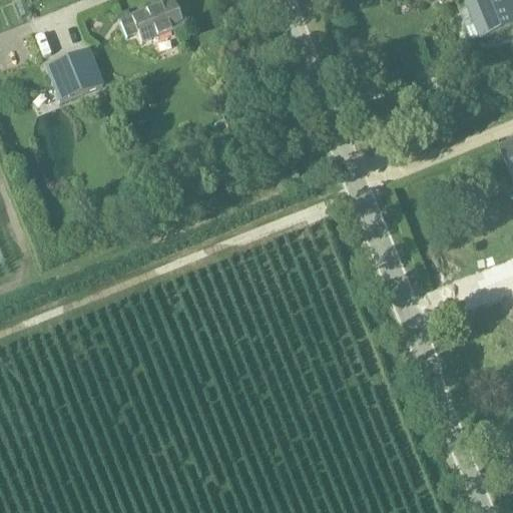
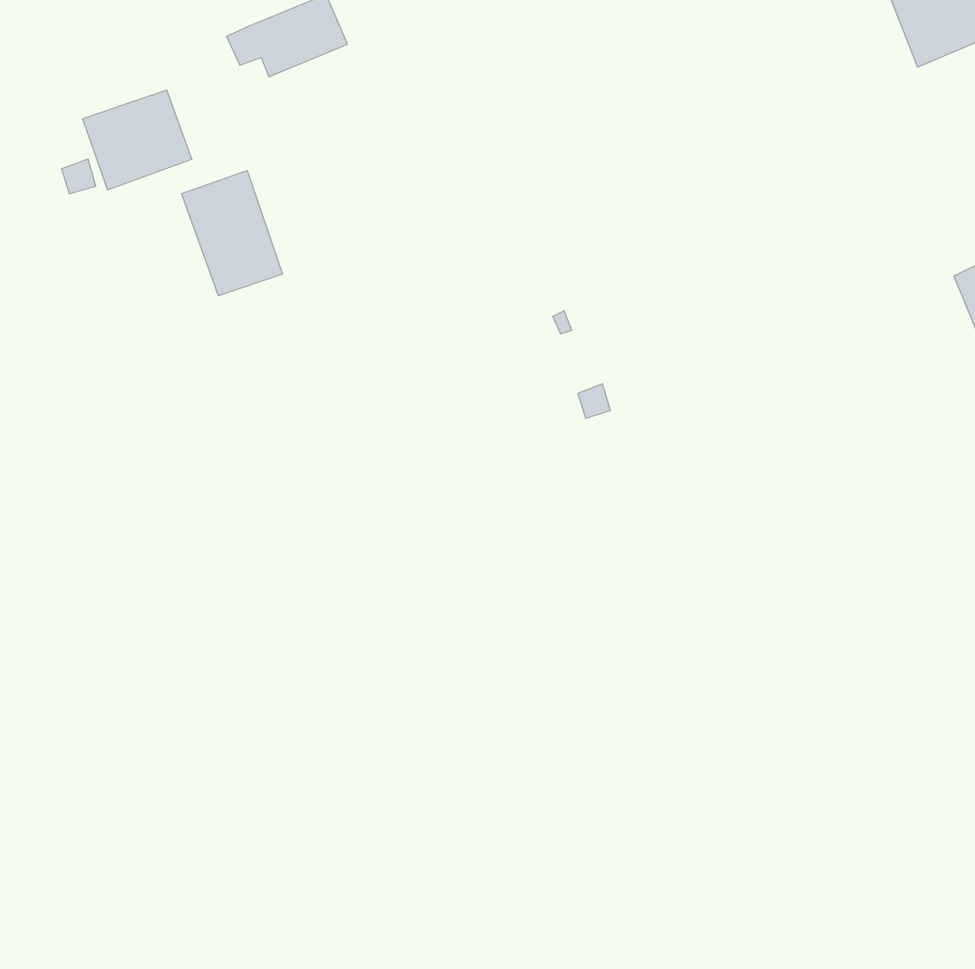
building: none -> [182,171,282,296]

